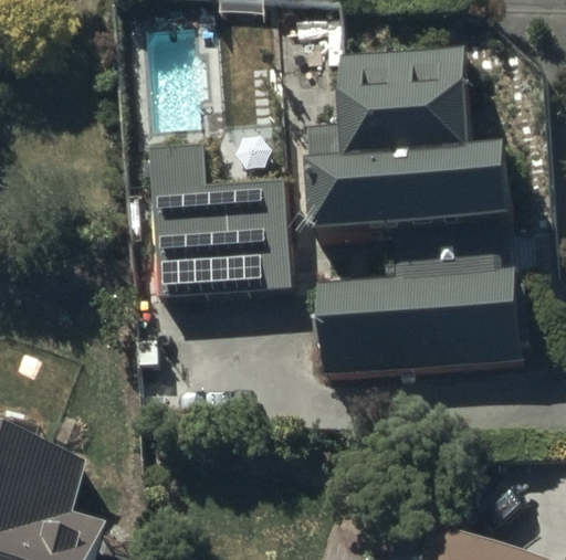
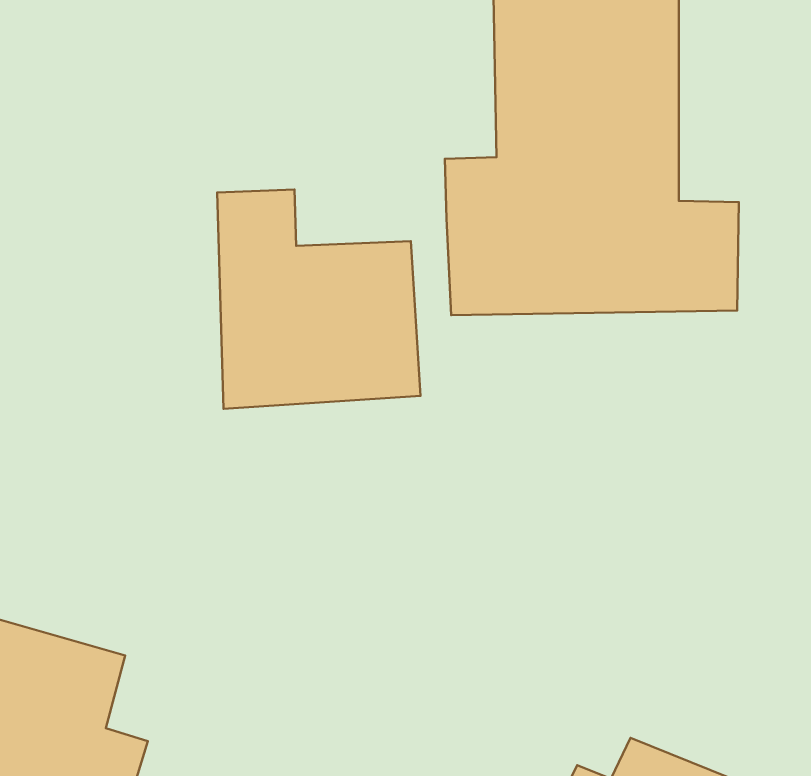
building: [319,251,516,372] -> none

